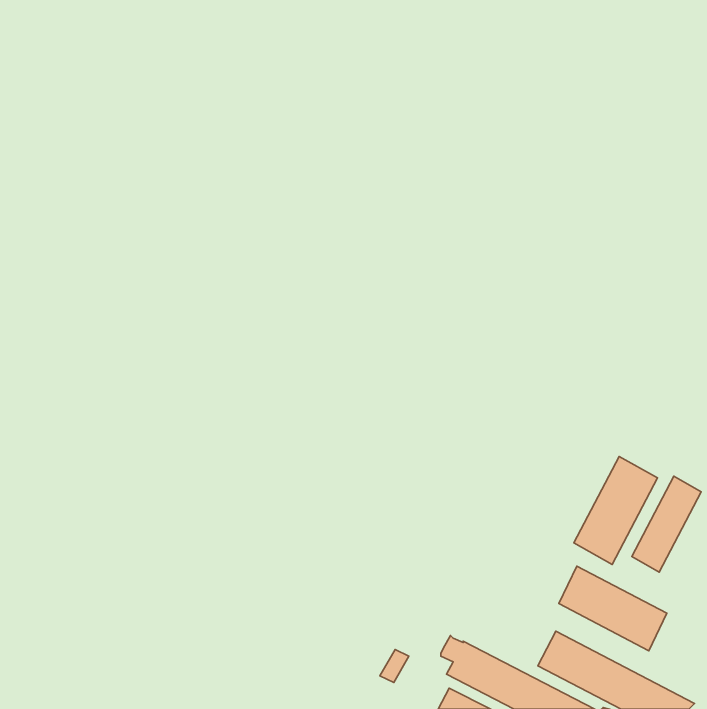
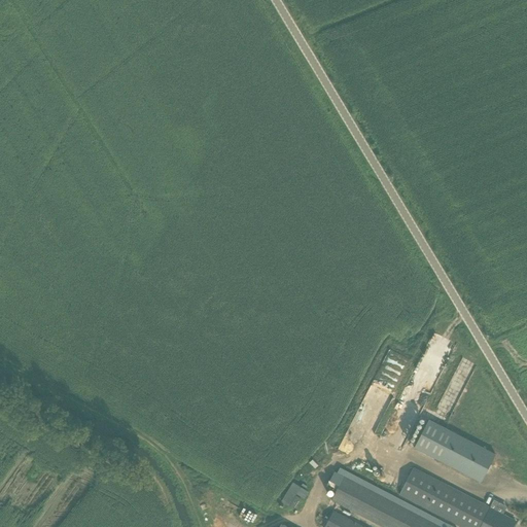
building: [574,456,657,564] -> none
building: [632,476,701,572] -> none

